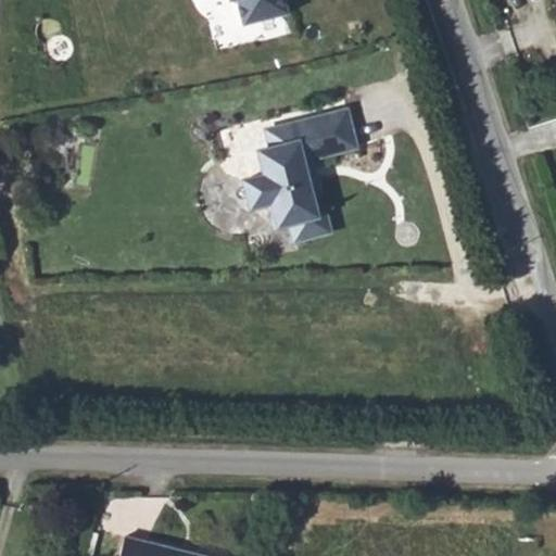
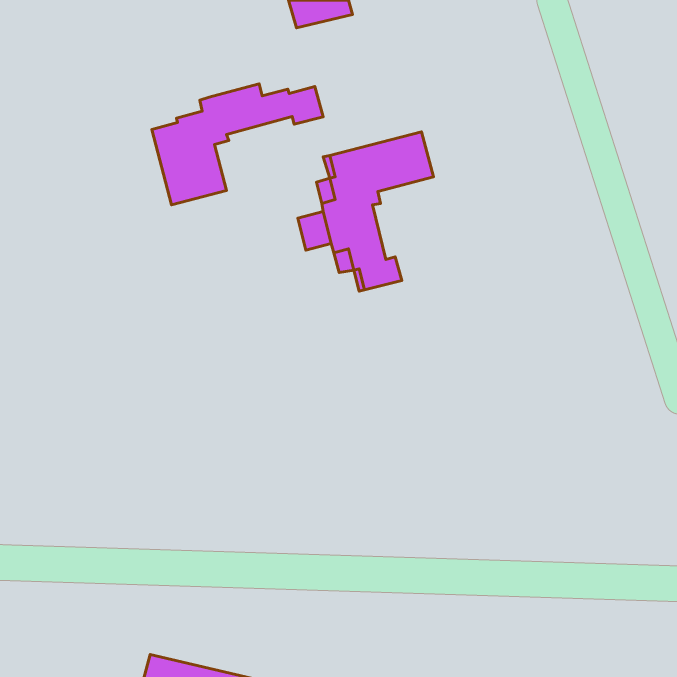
building: none -> [152,84,323,205]

